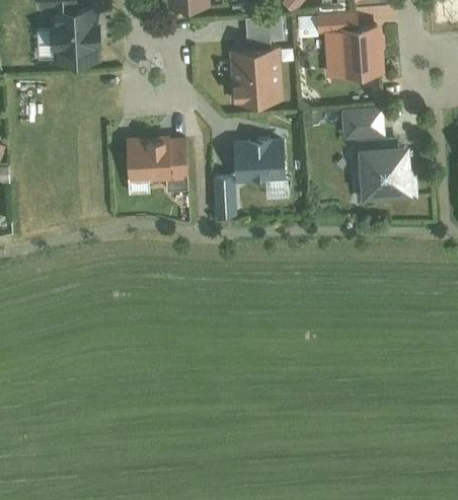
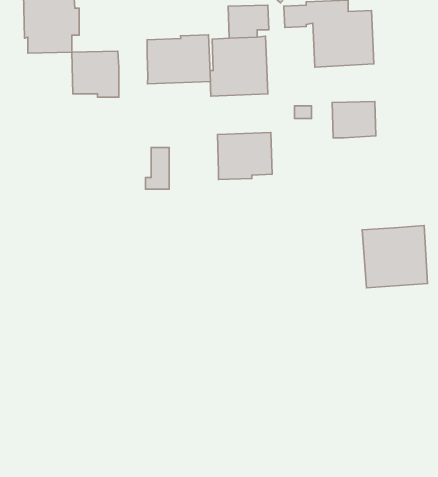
building: none -> [147,35,210,84]
building: [127,138,171,182] -> [72,51,119,97]
building: [354,140,415,199] -> [362,226,428,288]
building: [214,176,237,215] -> none

